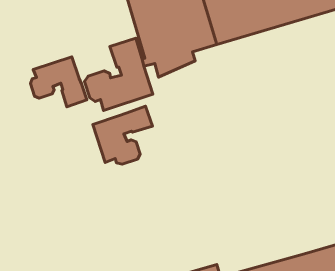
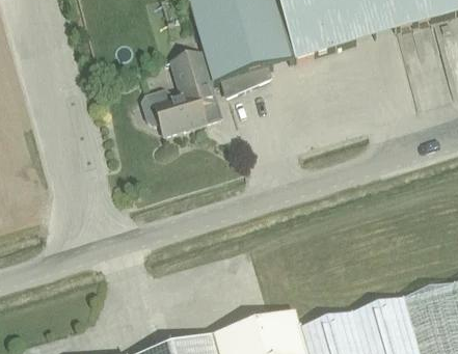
building: [30,57,87,107] -> none
building: [93,106,152,164] -> none

